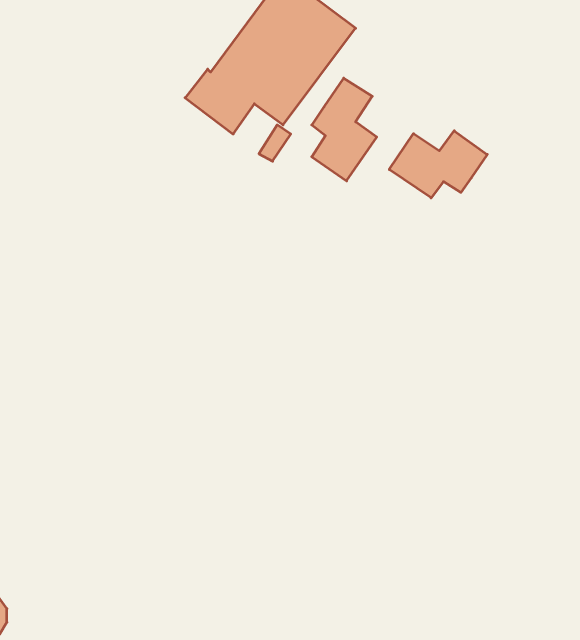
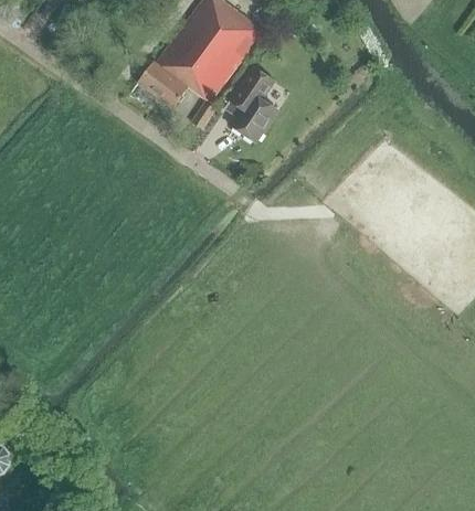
building: [389,131,487,198] -> none

